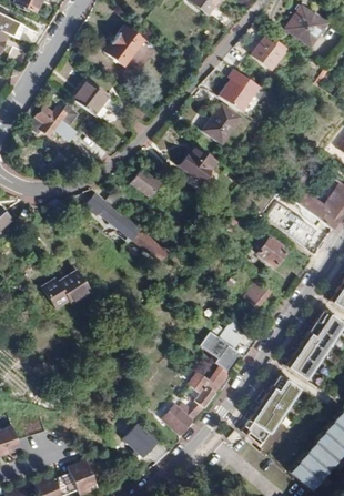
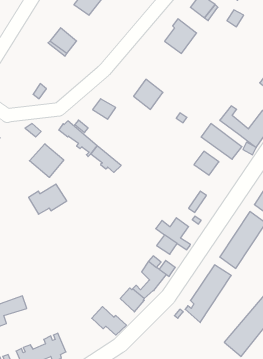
building: [29,104,74,134] -> none
building: [202,105,239,144] -> none
building: none -> [29,144,64,177]

